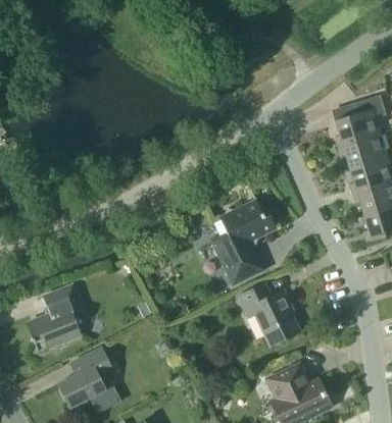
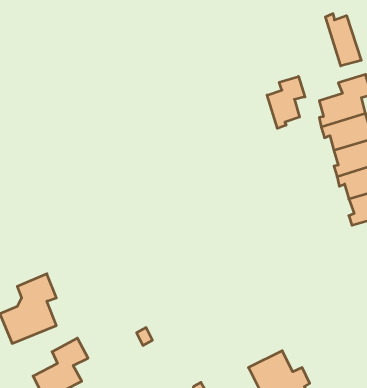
building: none -> [325,14,361,66]
building: none -> [267,76,305,128]
building: [211,199,277,283] -> none
building: [238,282,300,345] -> none

